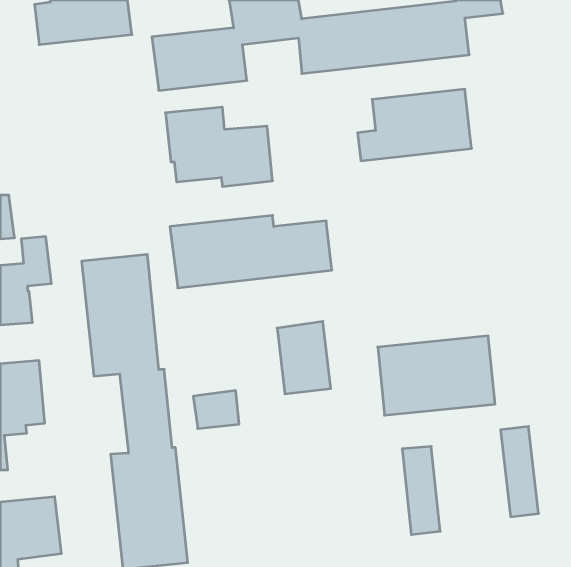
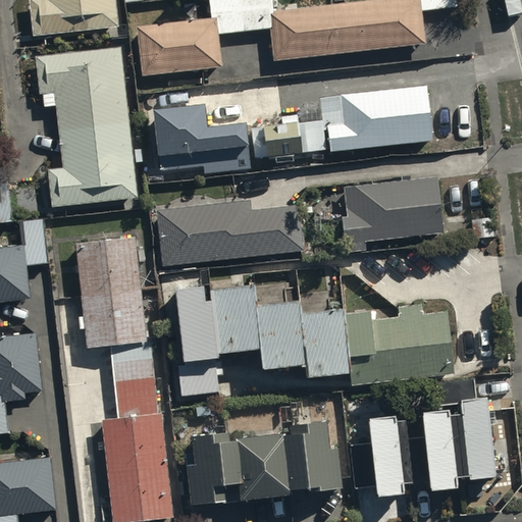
building: none -> [35,46,137,205]
building: none -> [249,119,325,158]
building: none -> [341,176,441,252]
building: none -> [208,279,258,350]
building: none -> [172,281,212,357]
building: none -> [299,304,349,372]
building: none -> [419,404,455,486]
building: none -> [186,418,342,503]

